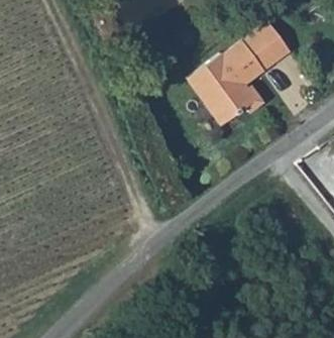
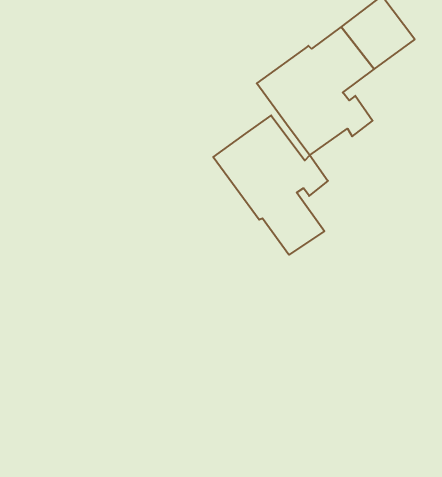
building: none -> [213,115,328,255]

